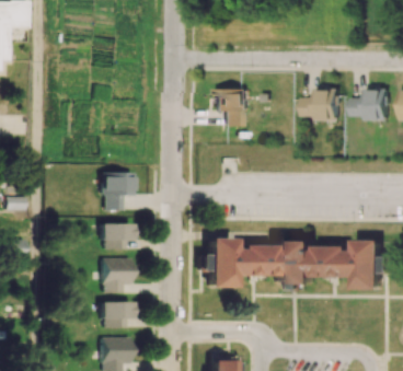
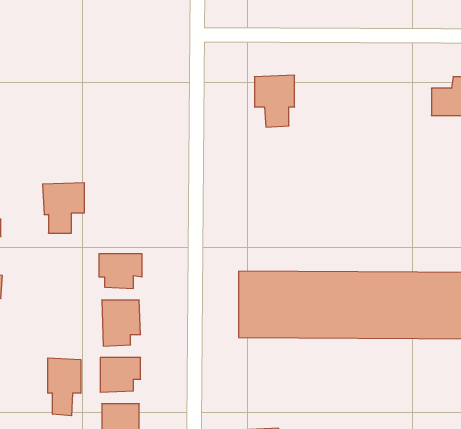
building: [304,89,343,119] -> none
building: [102,172,134,210] -> [43,183,84,233]
building: none -> [48,358,81,416]

